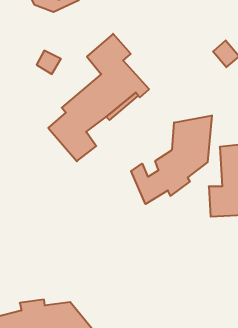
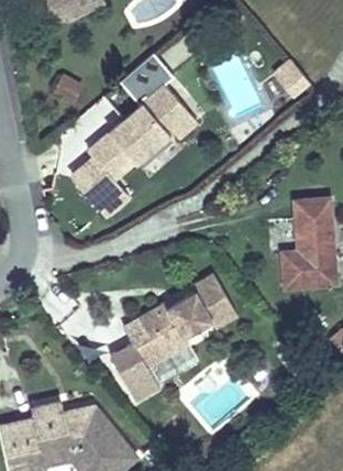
building: [131,115,212,204] -> none
building: none -> [110,271,239,401]

